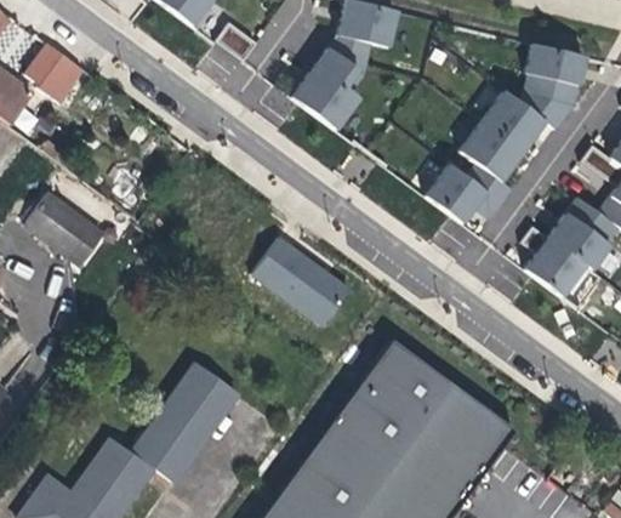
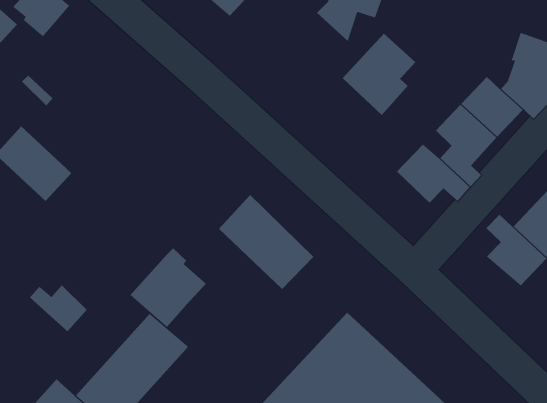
building: [291,49,363,131] -> [342,33,416,116]
building: none -> [130,247,207,328]
building: none -> [29,284,87,332]

